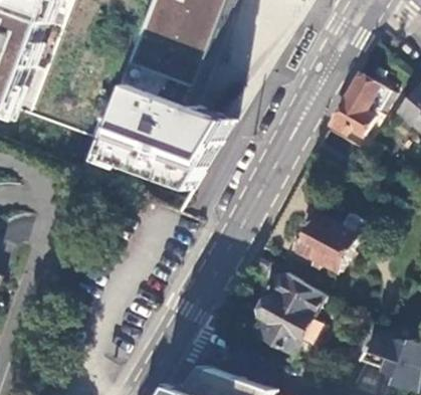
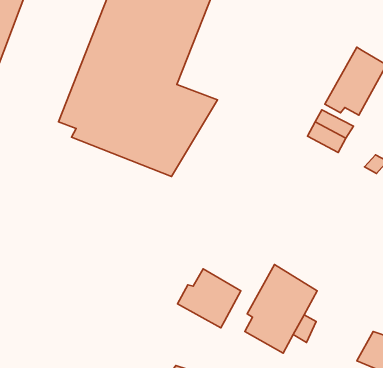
building: [293,212,356,273] -> none
building: none -> [178,269,241,328]

